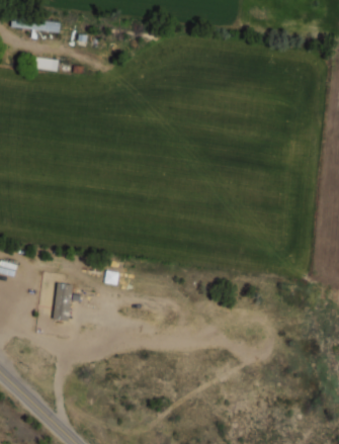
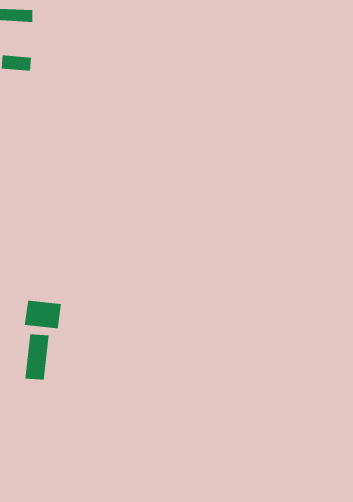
building: none -> [24,300,62,329]

